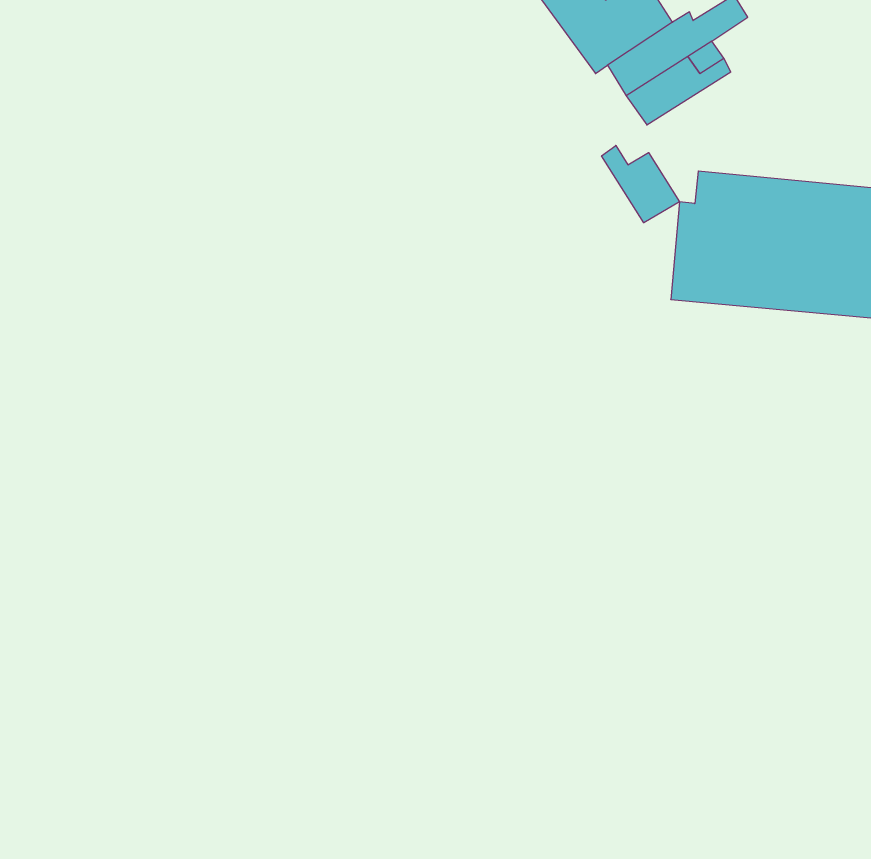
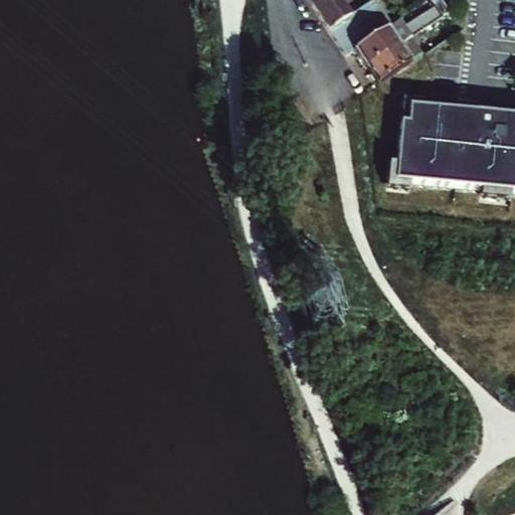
building: [602,145,679,223] -> none

